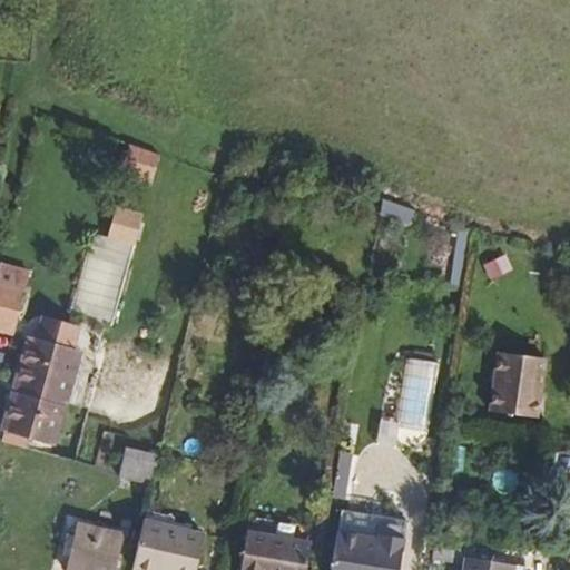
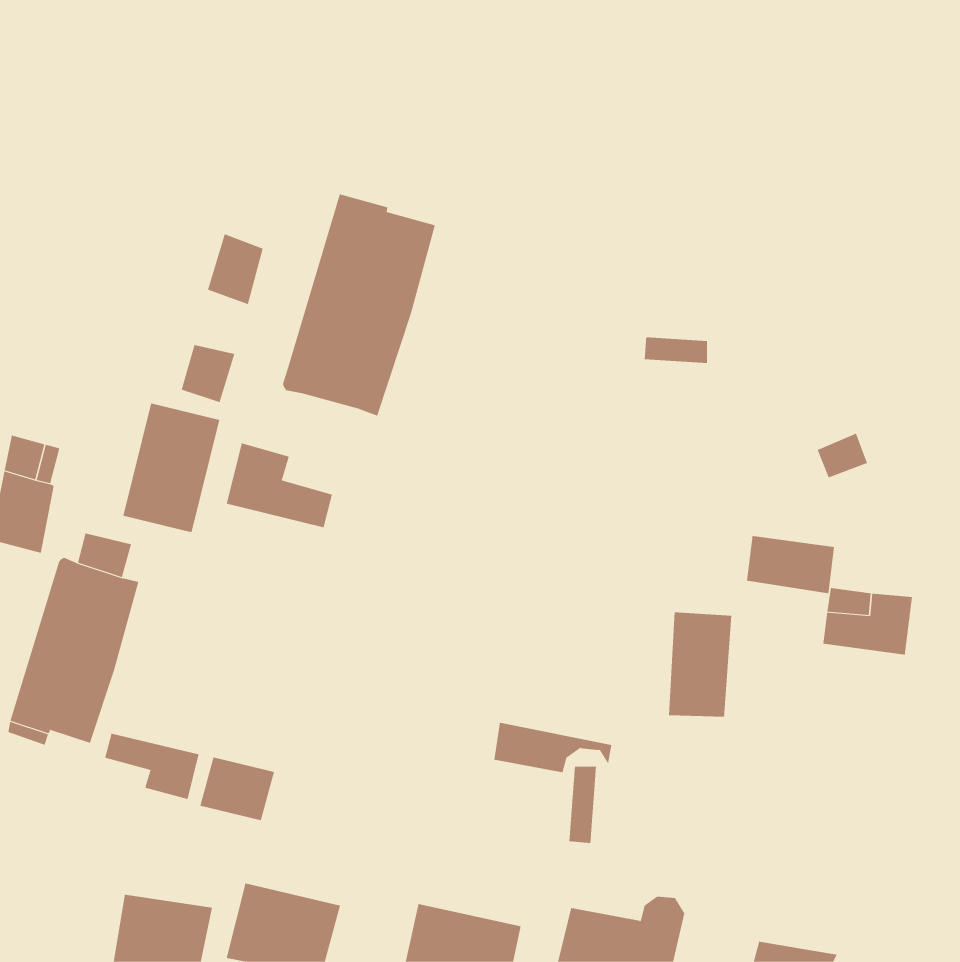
building: none -> [283,193,436,417]
building: none -> [226,442,333,528]
building: [483,381,535,415] -> [746,536,835,594]
building: none -> [105,733,199,800]
building: [337,514,407,544] -> [494,722,612,773]

